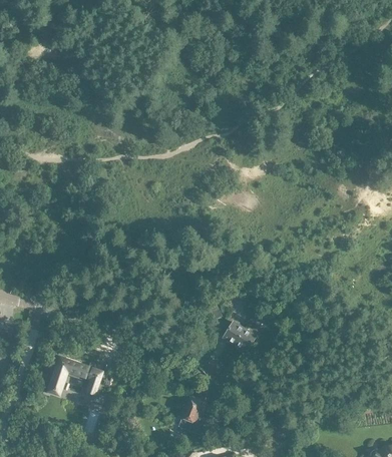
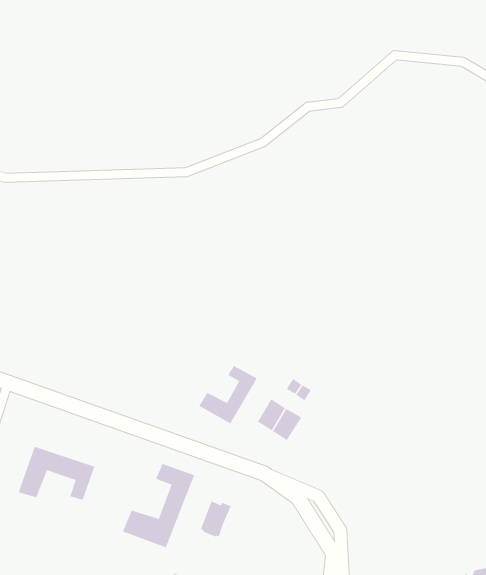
building: none -> [198,365,257,424]
building: none -> [122,463,195,548]

